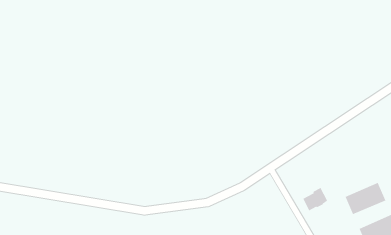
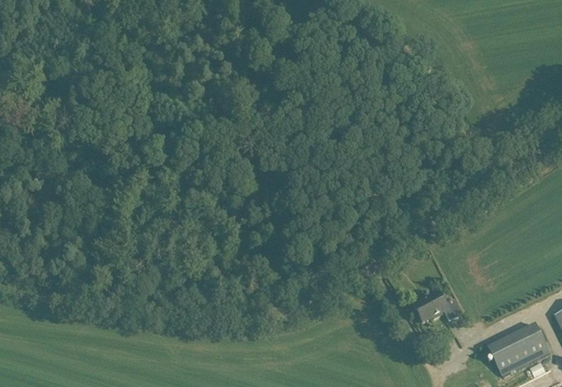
building: [345,182,387,215] -> none

